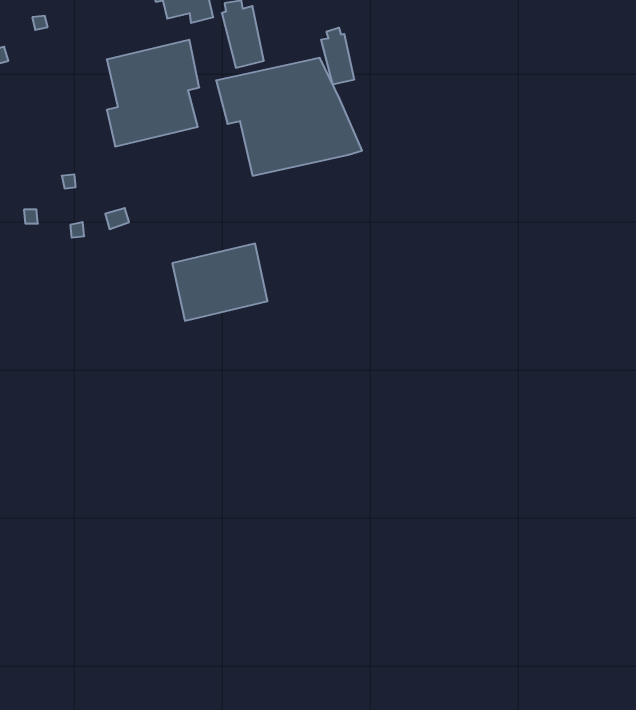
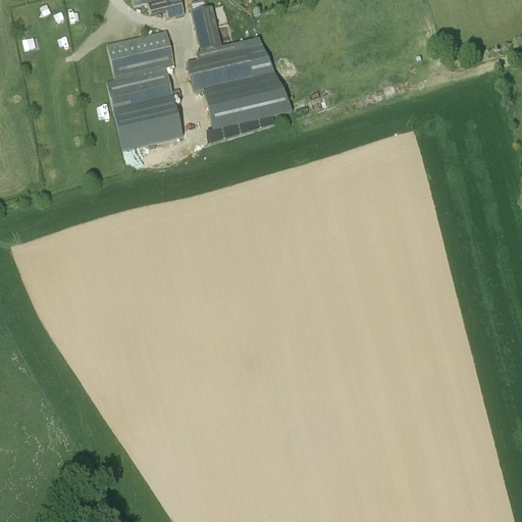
building: [321,28,354,84] -> none
building: [172,244,268,321] -> [113,93,182,149]

